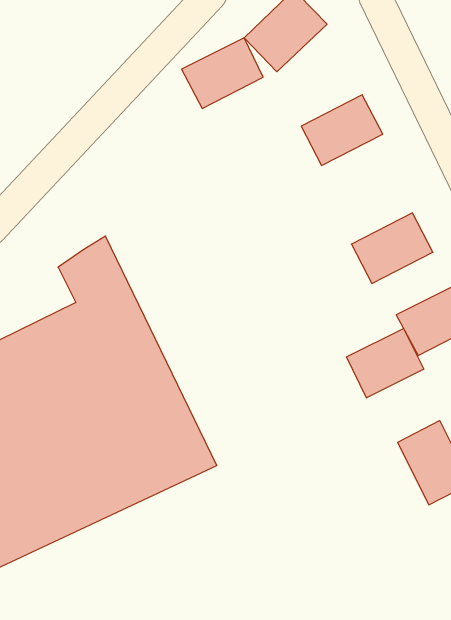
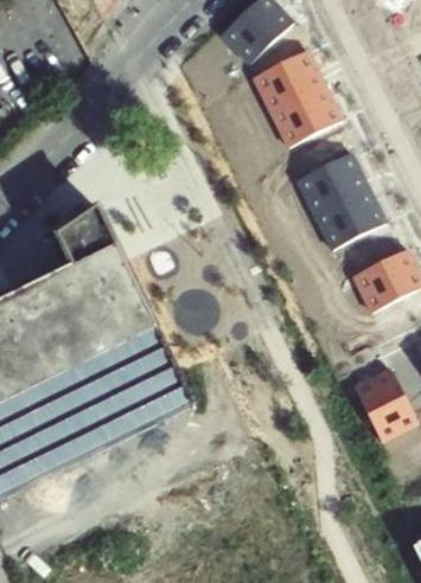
building: [182,38,263,108] -> [250,50,321,111]
building: none -> [294,152,365,214]
building: [346,328,424,398] -> none

